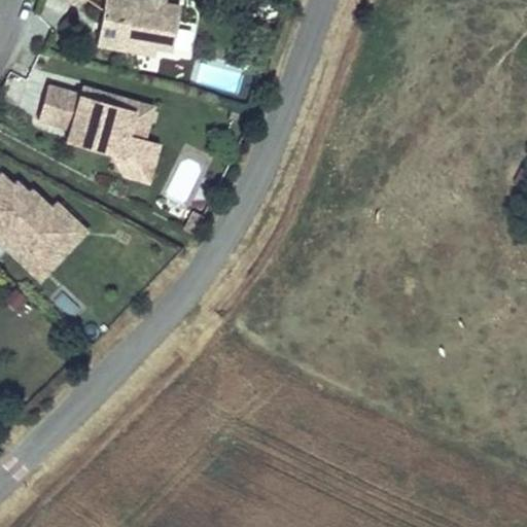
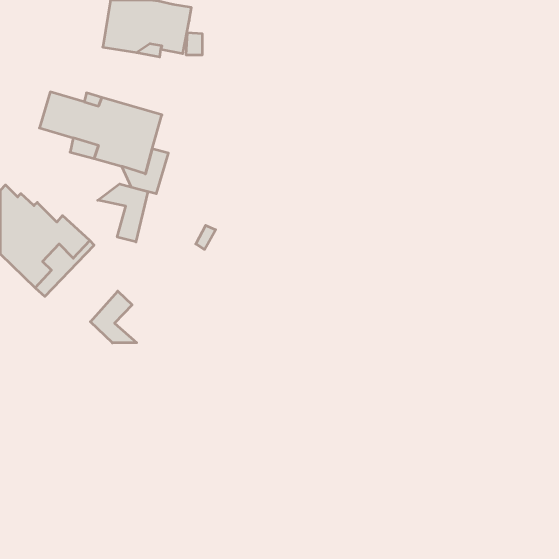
building: none -> [98,184,148,242]
building: none -> [90,291,137,343]

